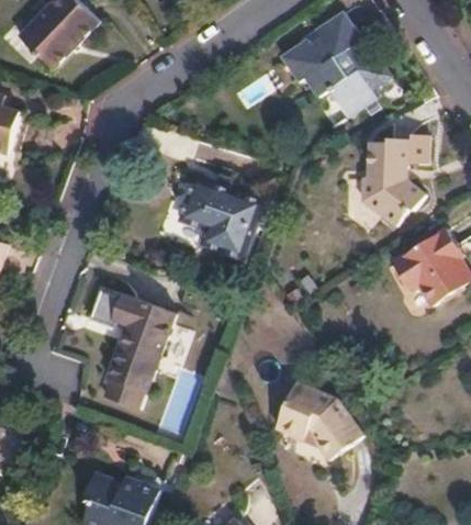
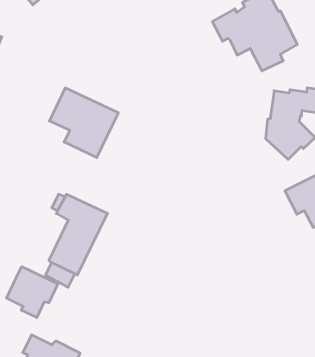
building: [177,179,261,261] -> [49,88,118,158]
building: [279,381,360,458] -> none
building: none -> [7,267,58,318]

